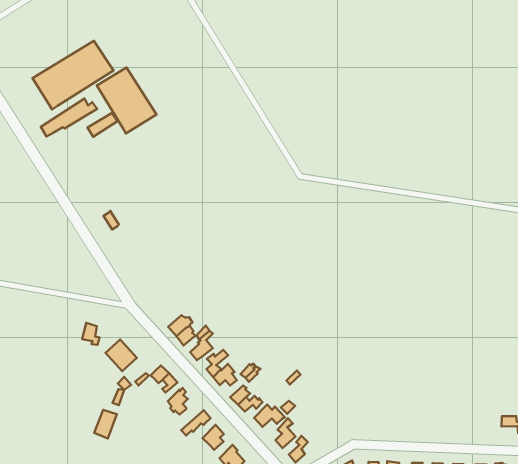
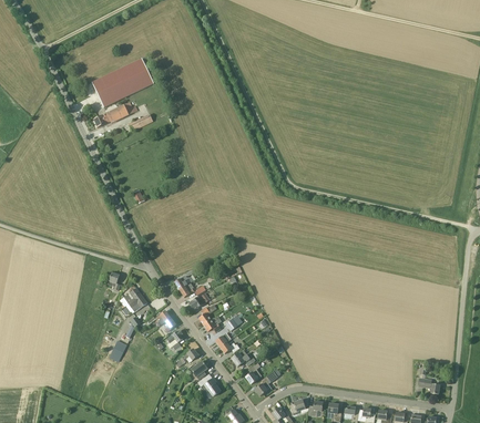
building: [97,68,156,133] -> none

